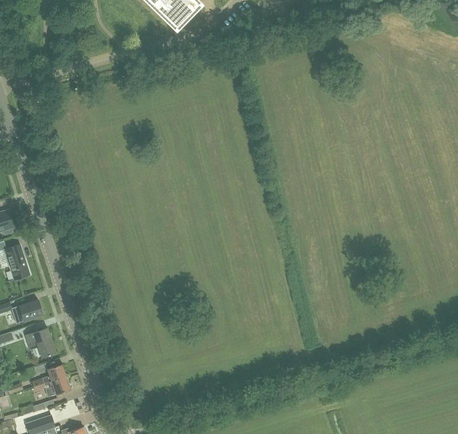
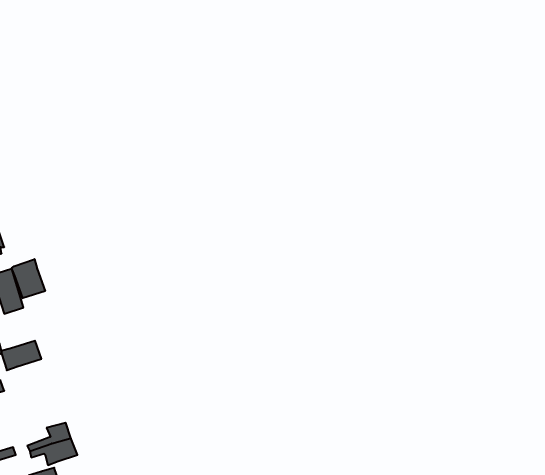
building: none -> [12,259,45,298]
building: [25,327,56,357] -> none

